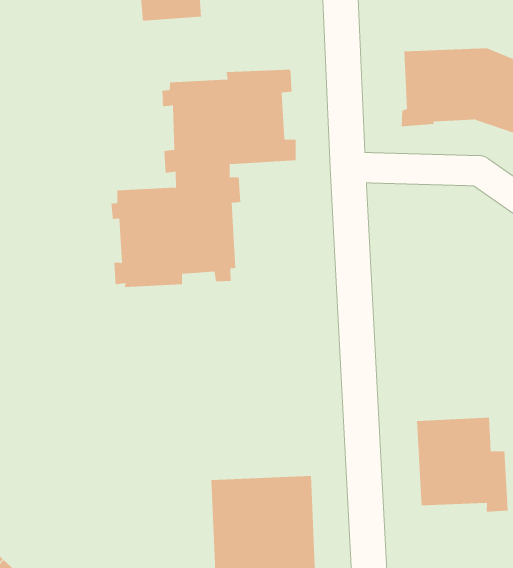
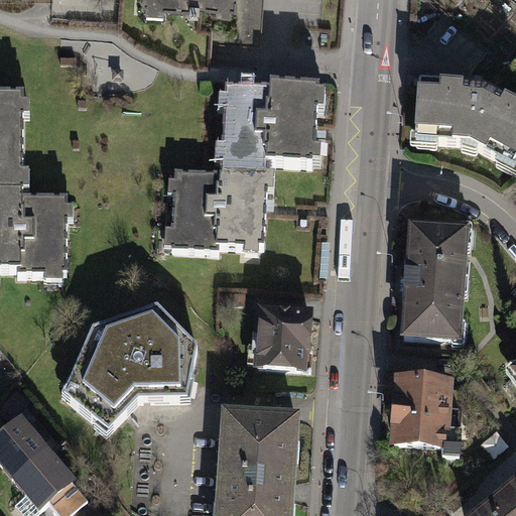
building: none -> [399,223,467,344]
building: none -> [248,301,316,369]
building: none -> [64,299,196,424]

